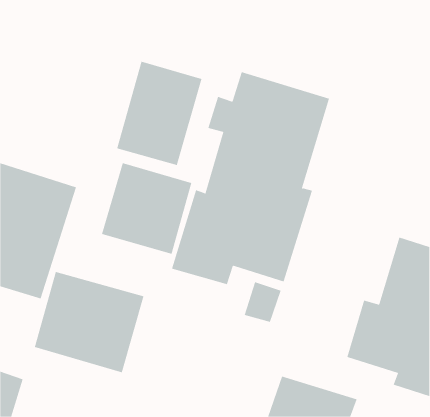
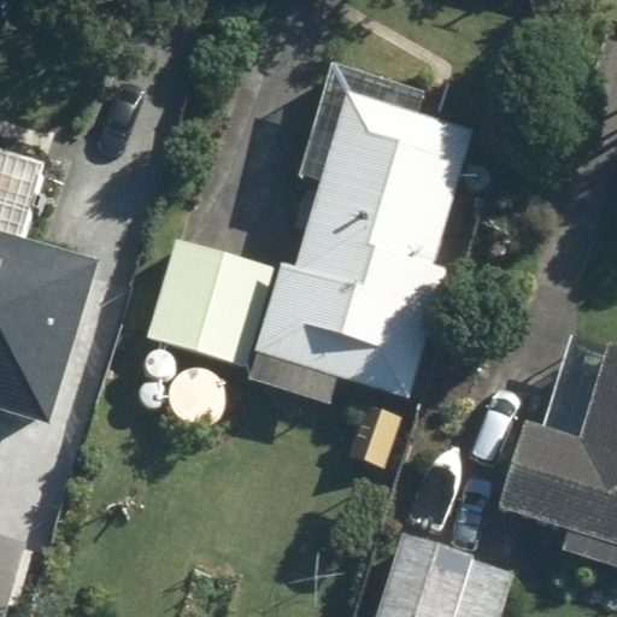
building: [117,61,202,166] -> none
building: [34,271,144,373] -> none

